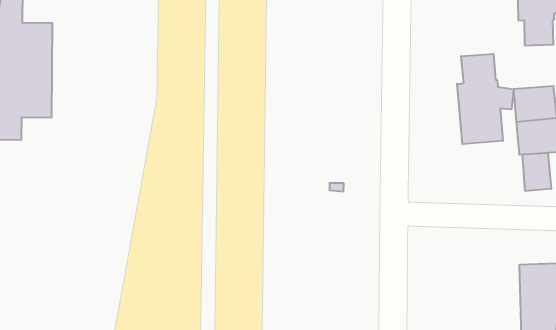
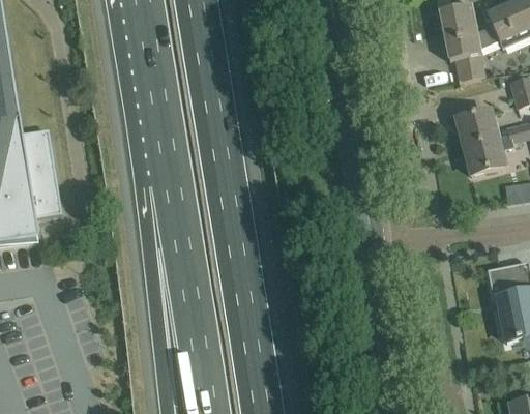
building: [457,54,514,144] -> none
building: [523,153,551,191] -> none

